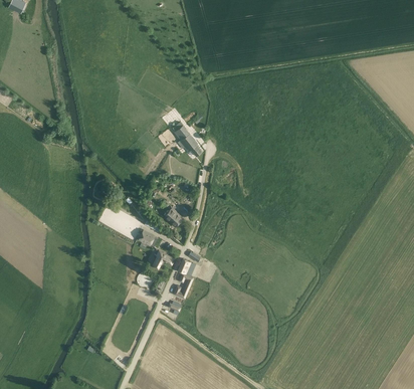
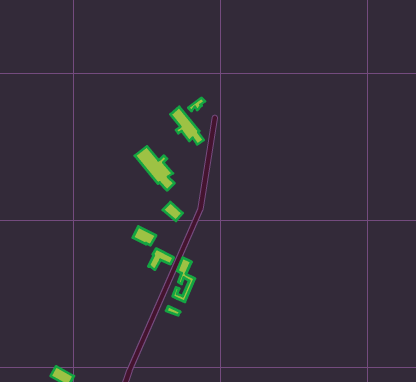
building: none -> [135,146,174,190]

